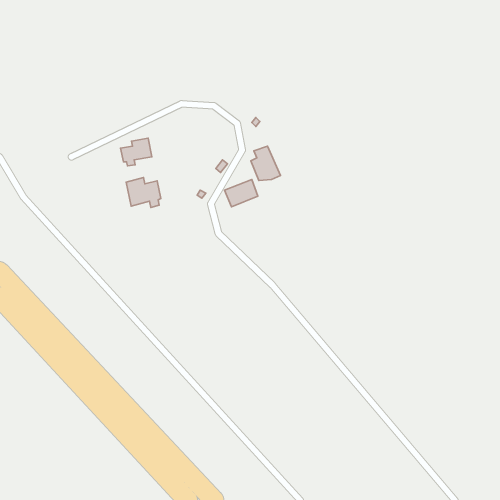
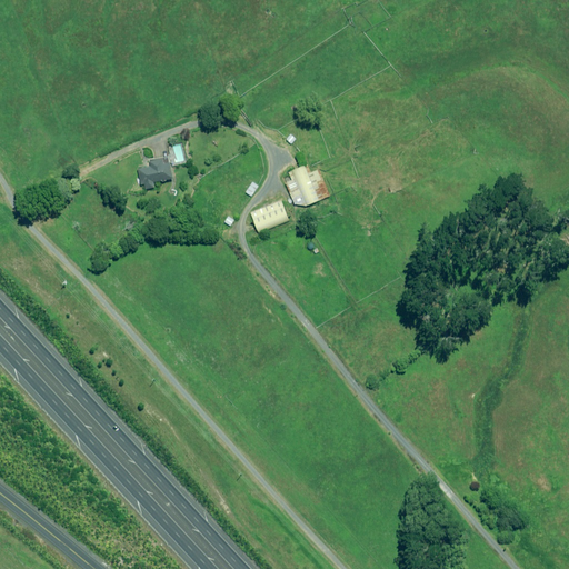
building: [126,178,161,208] -> none

